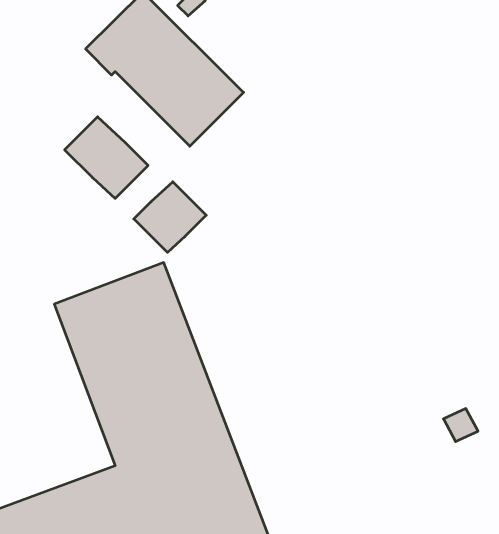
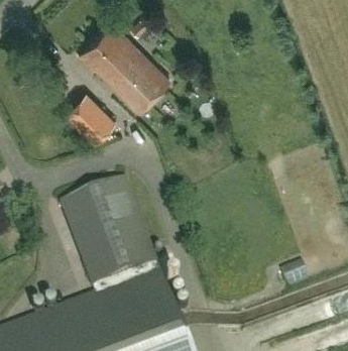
building: [134,182,206,252] -> none

